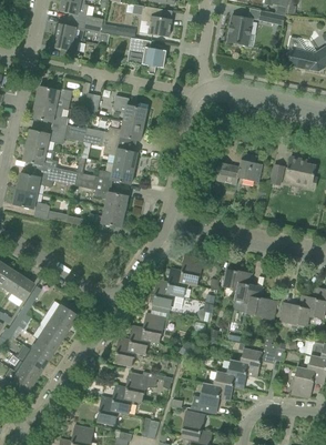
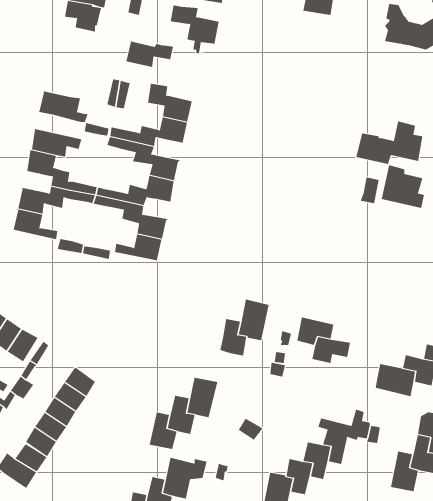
building: [37,85,72,105] -> [126,40,174,68]
building: [212,152,262,184] -> [355,121,423,165]
building: [153,280,184,309] -> none
building: [246,295,276,318] -> none

